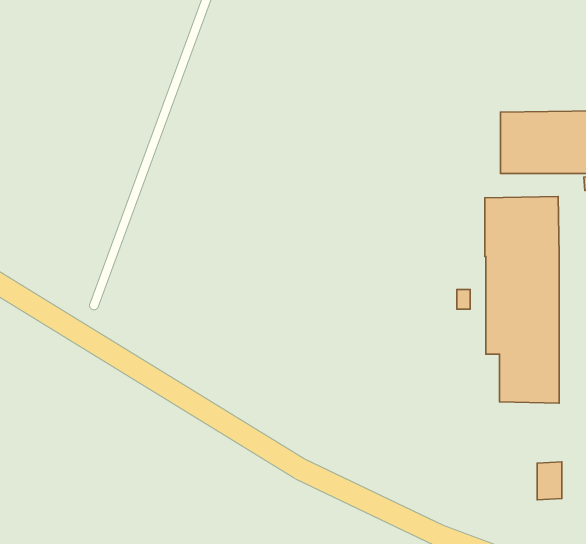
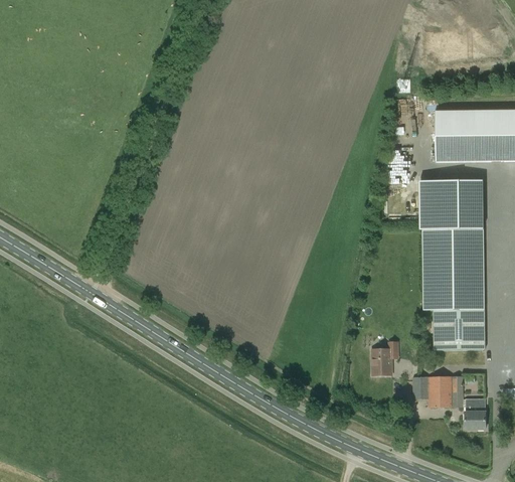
building: none -> [371,341,398,374]
building: none -> [412,375,463,407]

